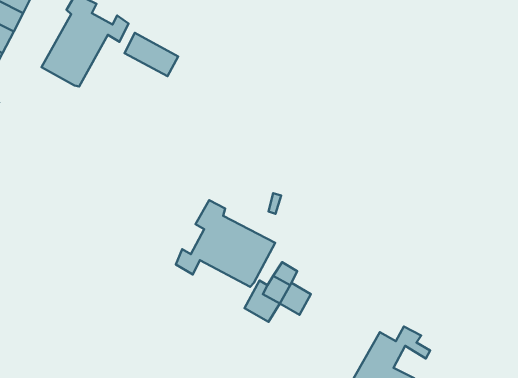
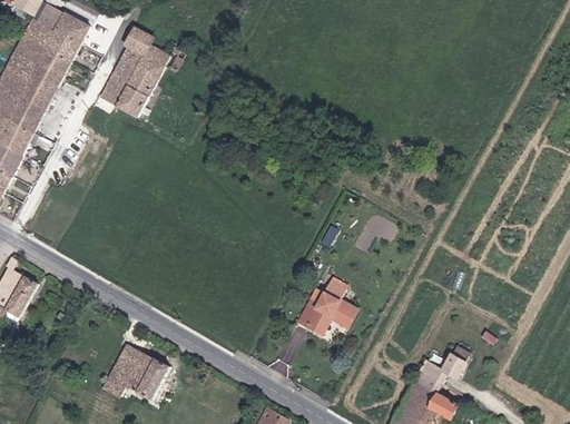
building: [125,33,178,76] -> none
building: [176,200,275,287] -> none
building: none -> [105,339,167,394]

